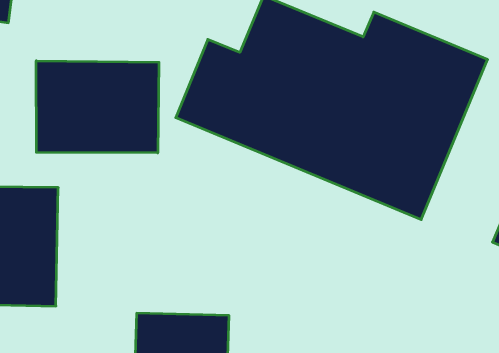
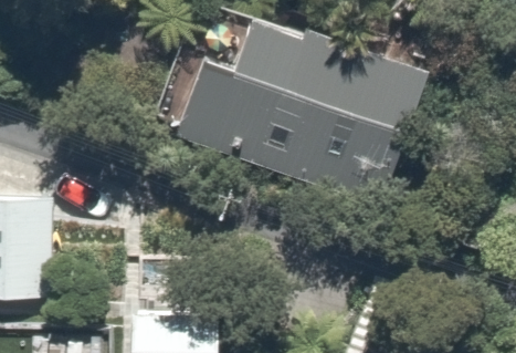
building: [36,61,159,153] -> none

